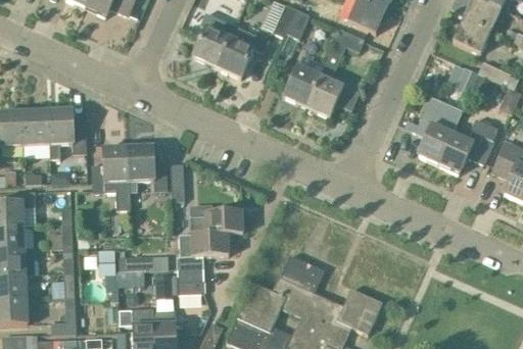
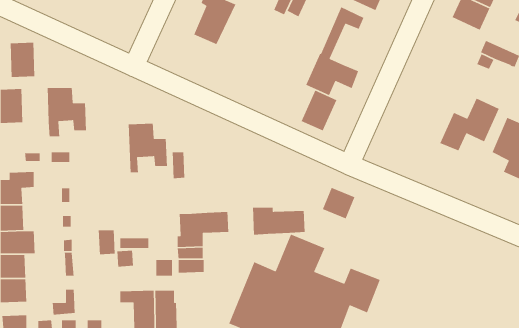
building: [217,26,269,78] -> none
building: [444,63,478,96] -> none
building: [282,64,319,106] -> [301,90,337,132]
building: [414,100,457,164] -> none
building: [22,108,48,144] -> [10,42,35,78]
building: [91,145,131,210] -> none
building: [190,205,243,234] -> [252,207,305,236]
building: none -> [322,187,356,220]

